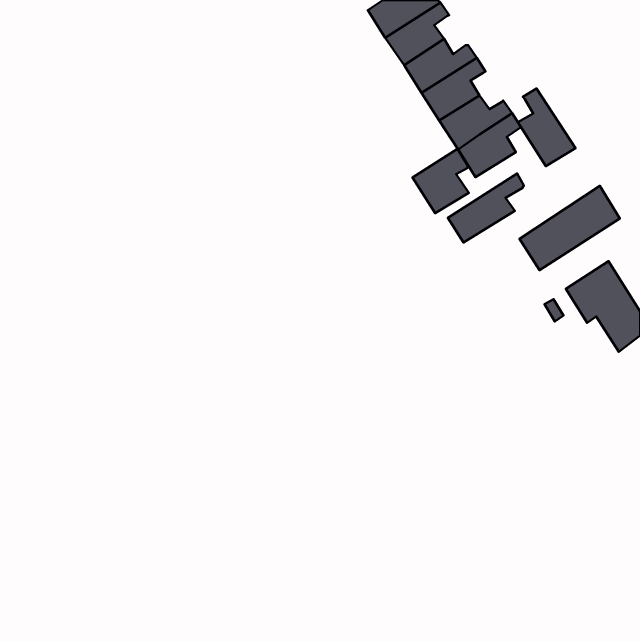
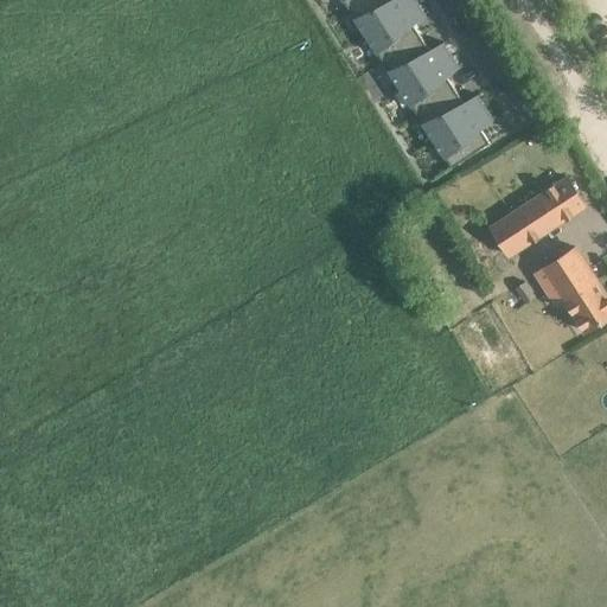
building: [518,89,575,166] -> none
building: [413,149,469,213] -> none
building: [448,174,524,243] -> none

